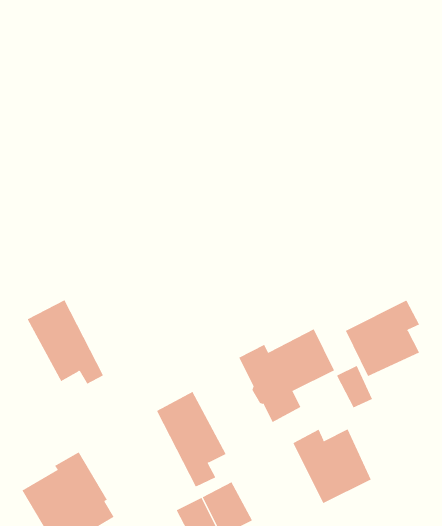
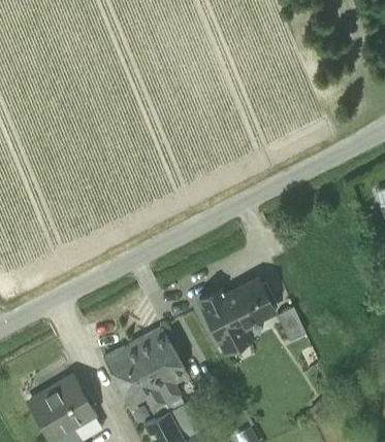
building: [27,300,104,385] -> [104,343,165,410]
building: [345,300,420,377] -> none
building: [293,429,372,504] -> none

